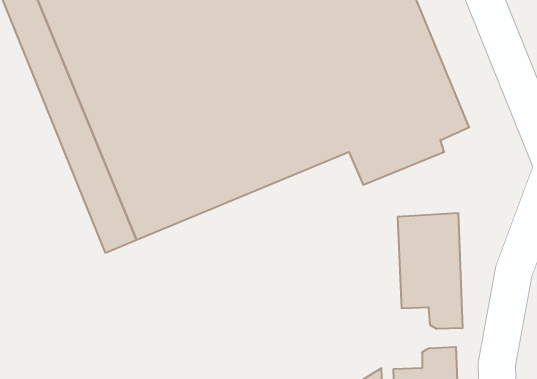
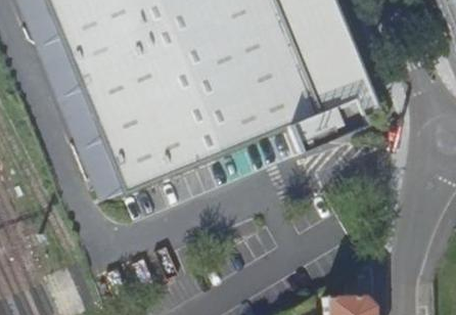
building: [398,213,463,329] -> none

